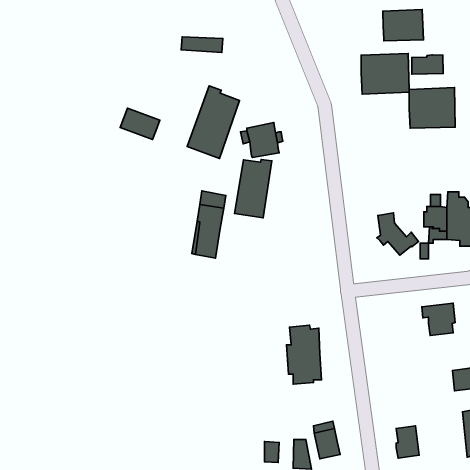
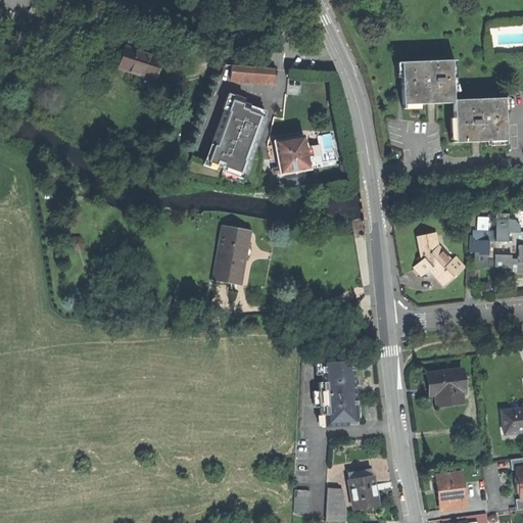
building: [383,10,423,41] -> none
building: [181,37,223,52] -> [231,65,277,83]
building: [412,55,443,74] -> none
building: [120,108,160,139] -> [115,47,159,82]
building: [235,160,272,218] -> none
building: [422,303,455,335] -> [429,369,466,405]

